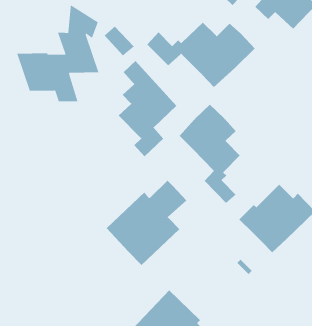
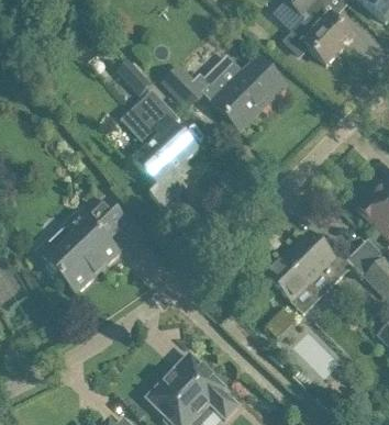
building: [17,4,99,102] -> none
building: [179,104,240,204] -> none
building: [106,180,187,266] -> [36,197,126,292]

